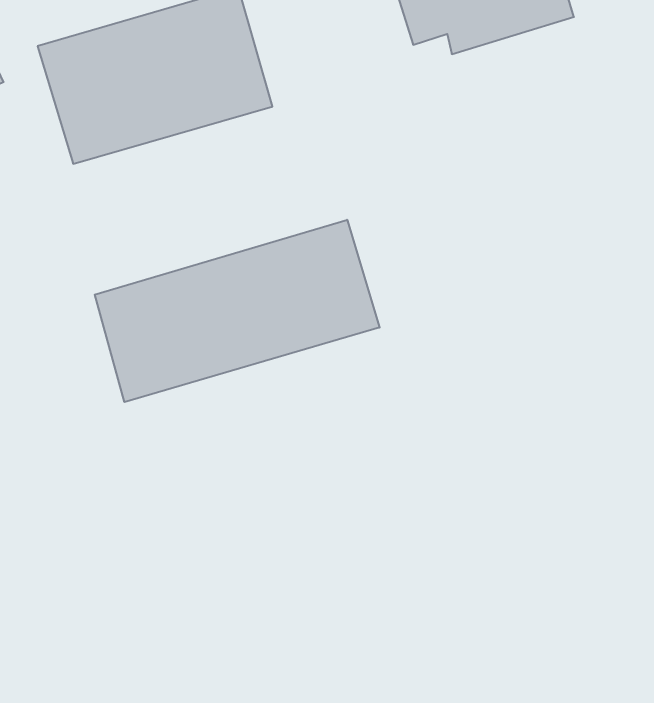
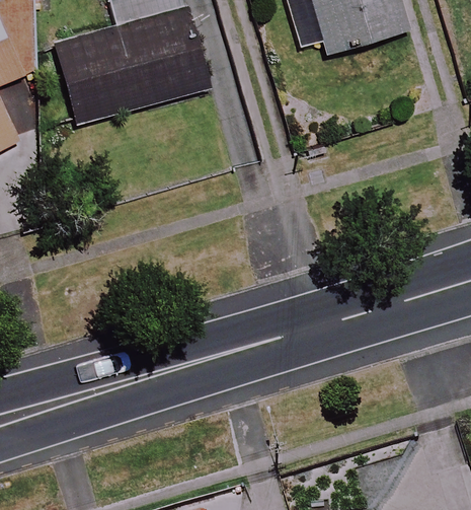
building: [95,220,380,402] -> none

